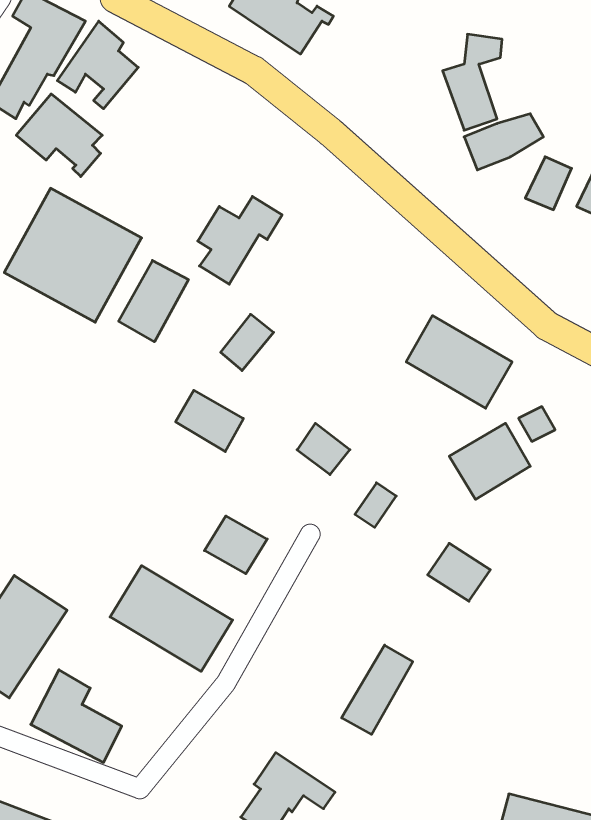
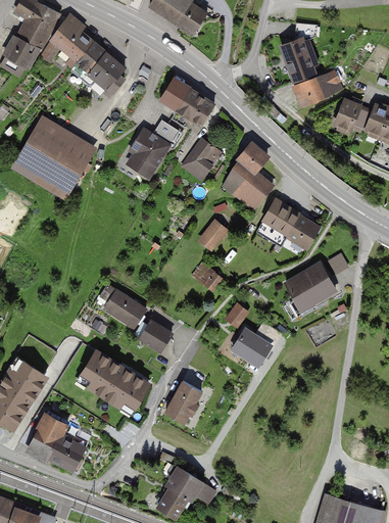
building: [16,94,102,177] -> [71,43,125,94]
building: none -> [159,80,213,127]
building: none -> [188,140,220,174]
building: none -> [228,144,273,207]
building: [119,260,188,342] -> none
building: [221,314,274,371] -> [201,215,234,249]
building: [176,390,243,452] -> [104,286,146,324]
building: [428,543,490,601] -> [232,329,271,365]
building: [342,645,413,734] -> [165,368,209,423]

